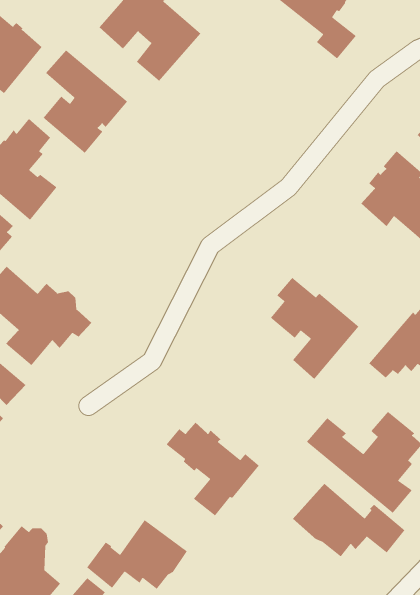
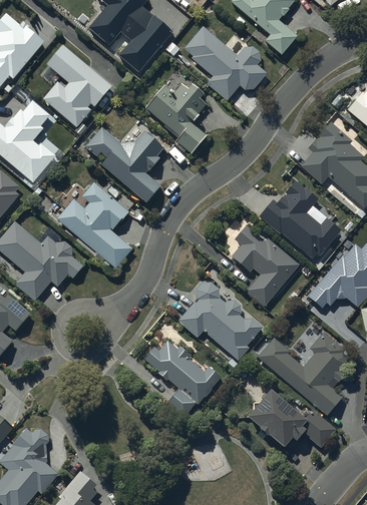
building: none -> [183,21,269,95]
building: none -> [145,80,208,150]
building: none -> [88,127,164,201]
building: none -> [56,177,132,264]
building: none -> [258,181,341,261]
building: none -> [178,284,263,362]
building: [86,519,188,590] -> none

